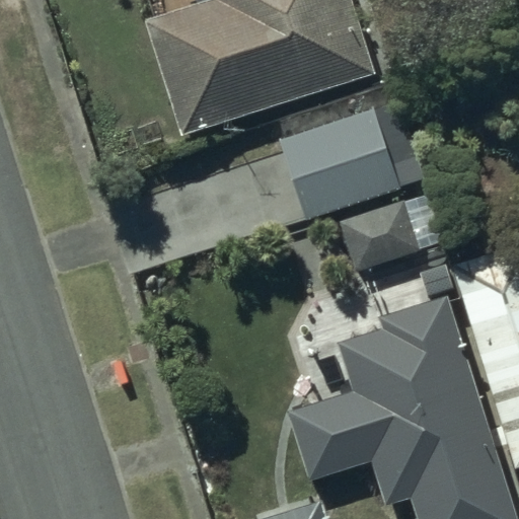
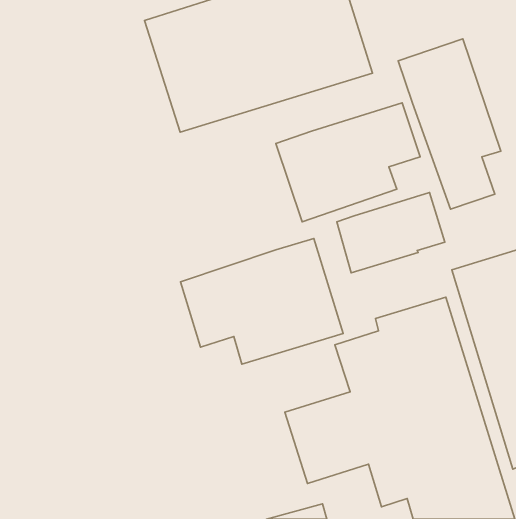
building: none -> [398,39,501,209]
building: none -> [181,238,343,364]

